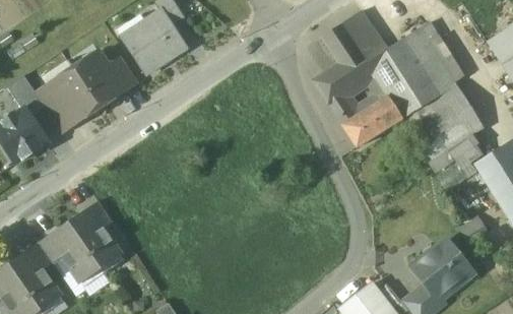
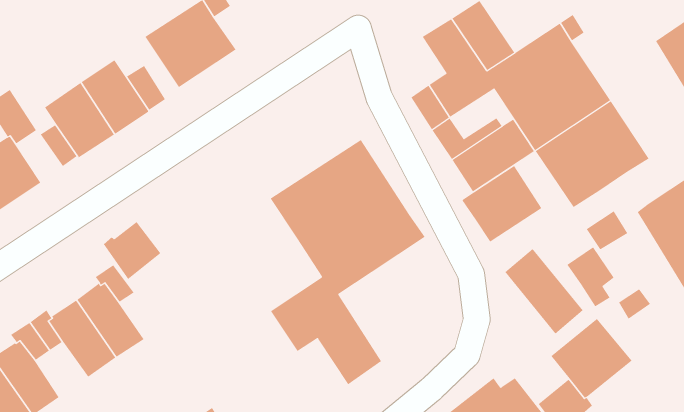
building: none -> [270,139,426,385]
building: none -> [462,165,542,243]
building: [448,134,483,178] -> [567,247,615,307]
building: none -> [103,221,161,280]
building: none -> [504,248,584,335]

